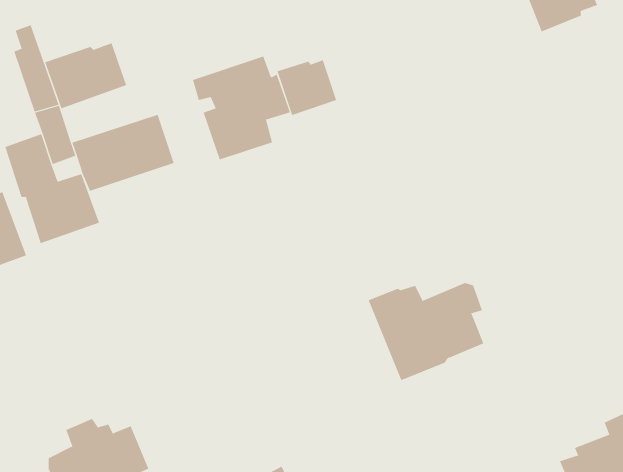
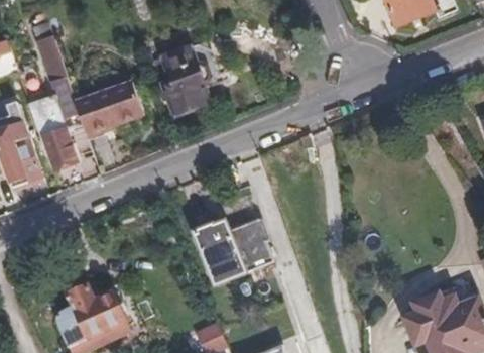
building: [44,42,127,109] -> none
building: [277,59,337,116] -> none
building: [368,282,484,381] -> [194,219,272,285]

